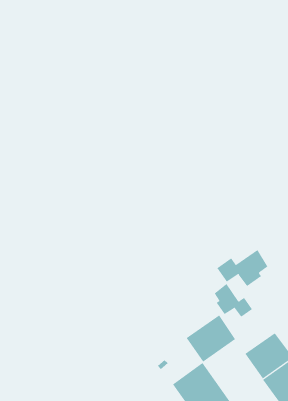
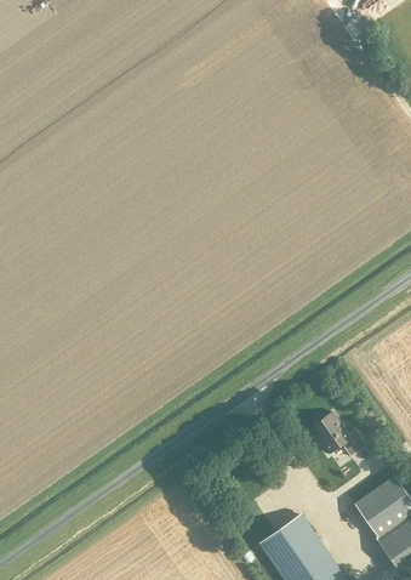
building: [216,249,268,287] -> none
building: [185,315,236,362] -> none

